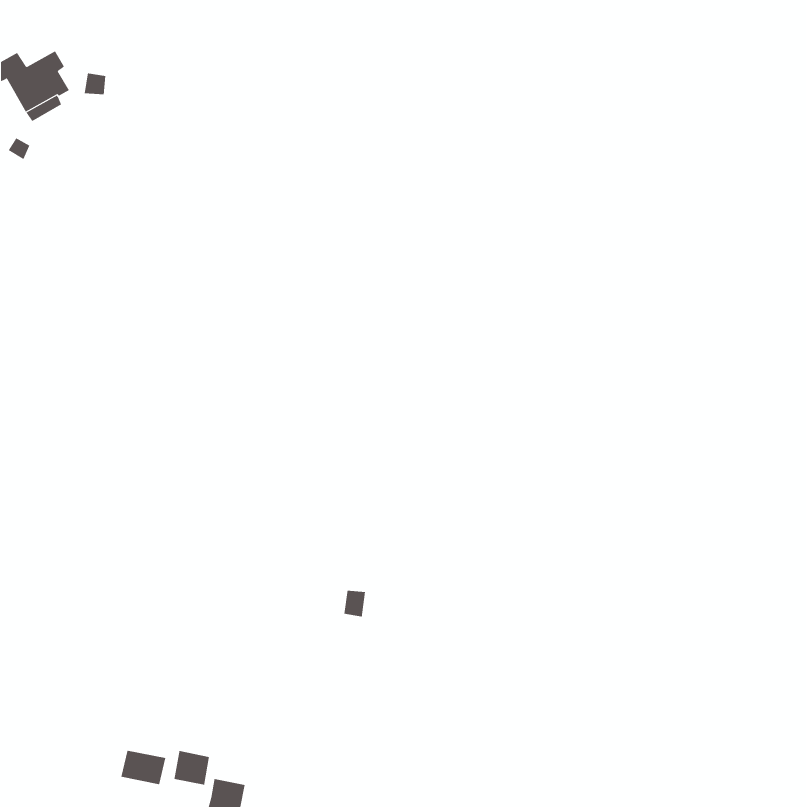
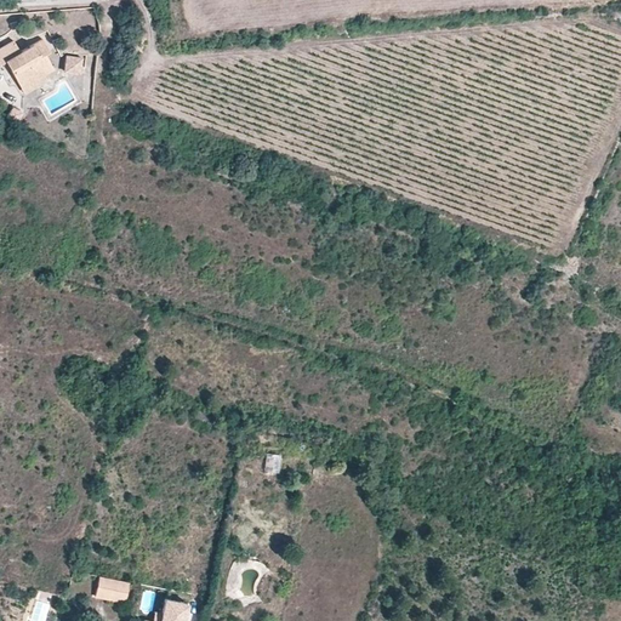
building: [174,750,210,786] -> none

